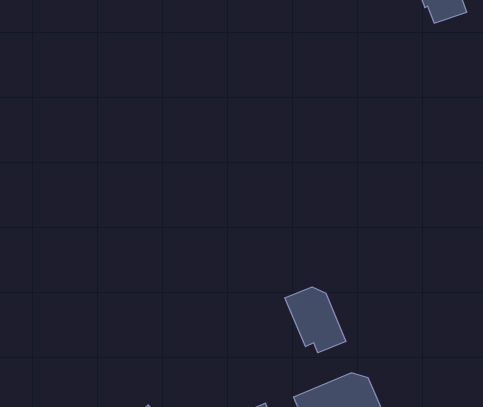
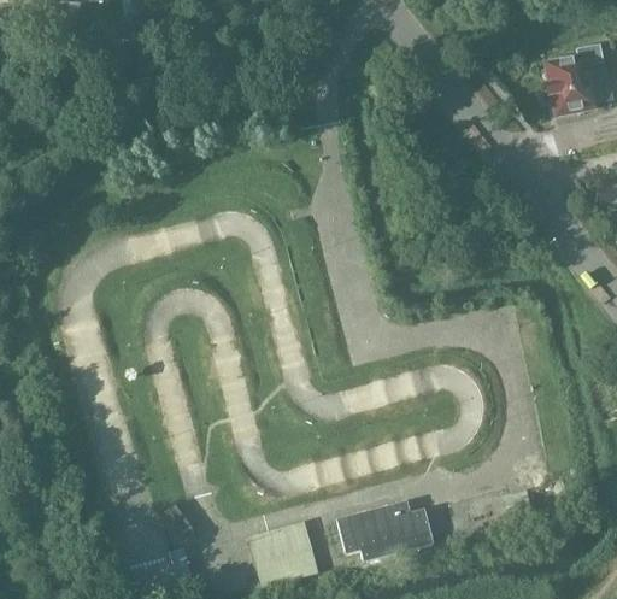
building: [285,287,346,353] -> none

